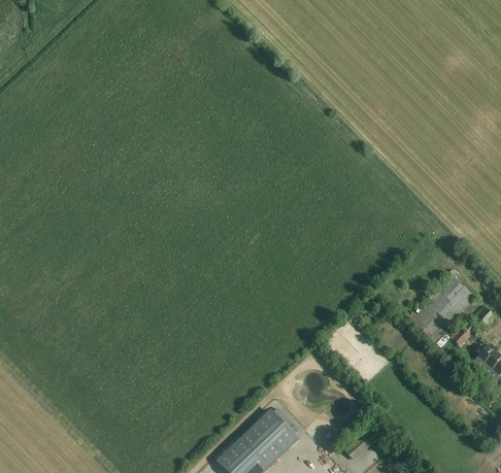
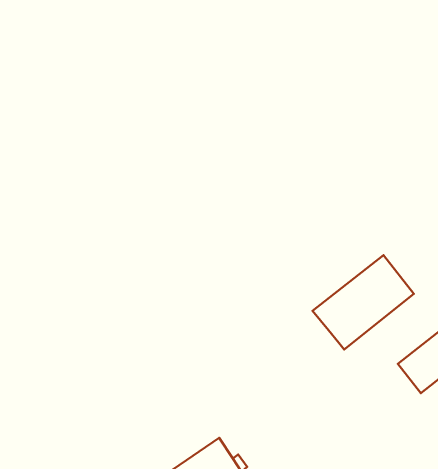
building: none -> [313,255,414,350]

